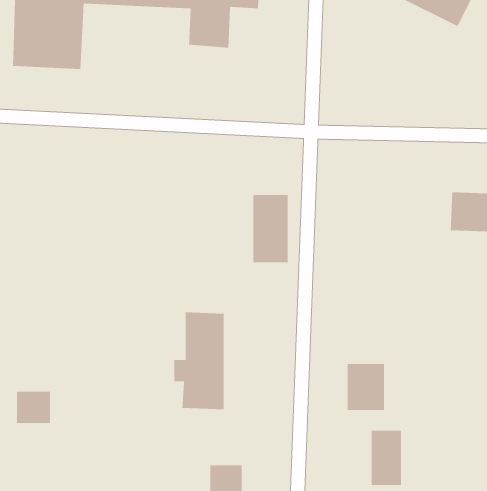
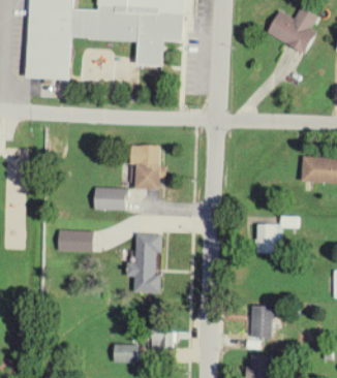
building: [252,194,289,263] -> [139,145,161,188]
building: none -> [96,187,127,209]
building: [347,363,385,411] -> [256,223,280,253]
building: [16,391,51,424] -> [58,229,80,250]

